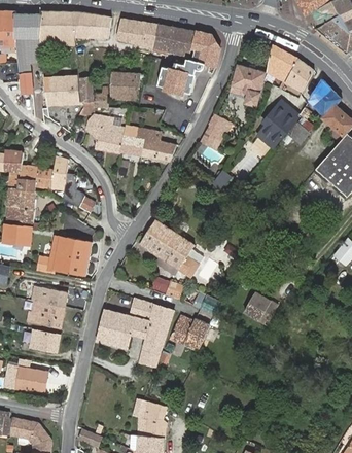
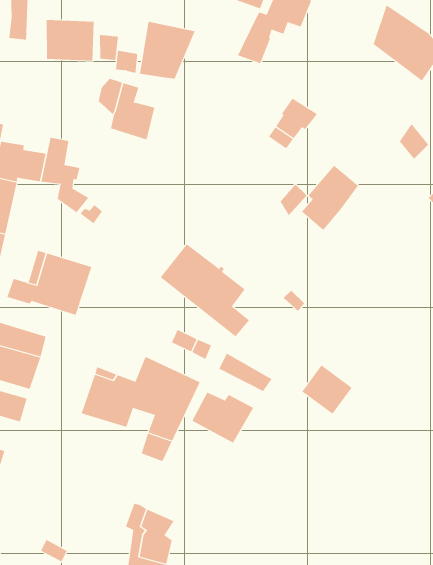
building: [155,61,184,89] -> none
building: [230,64,266,106] -> none
building: [261,104,298,149] -> [301,165,359,231]
building: [120,128,175,161] -> none

